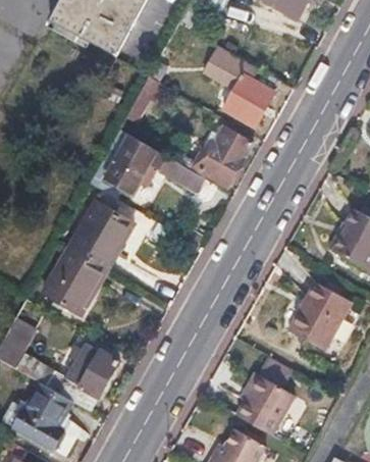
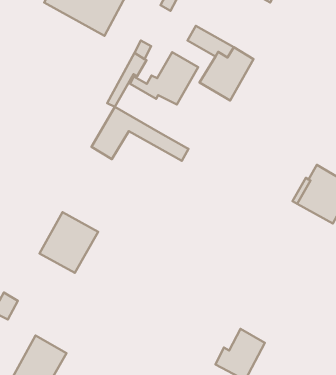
building: [177,127,252,185] -> [130,52,198,104]
building: [70,204,134,270] -> none
building: [288,285,354,354] -> none
building: [73,347,119,412] -> none

